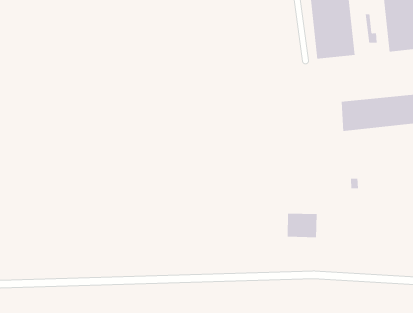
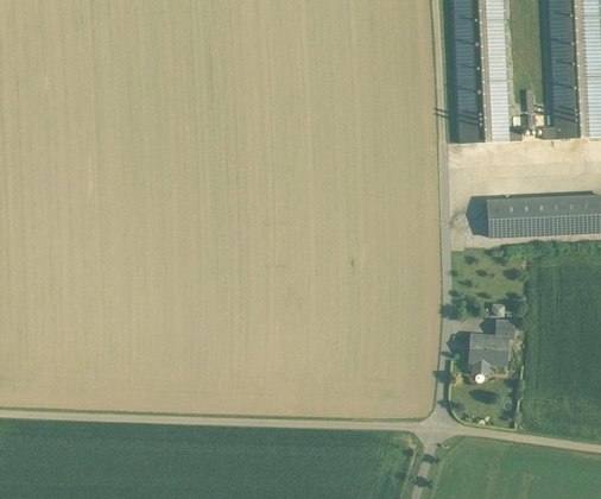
building: [287,213,317,238] -> [468,331,510,366]

